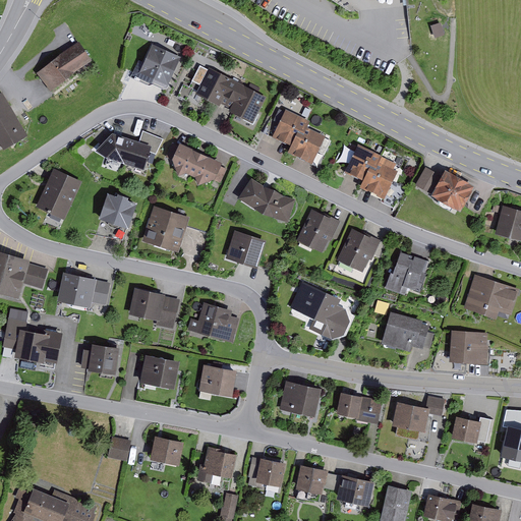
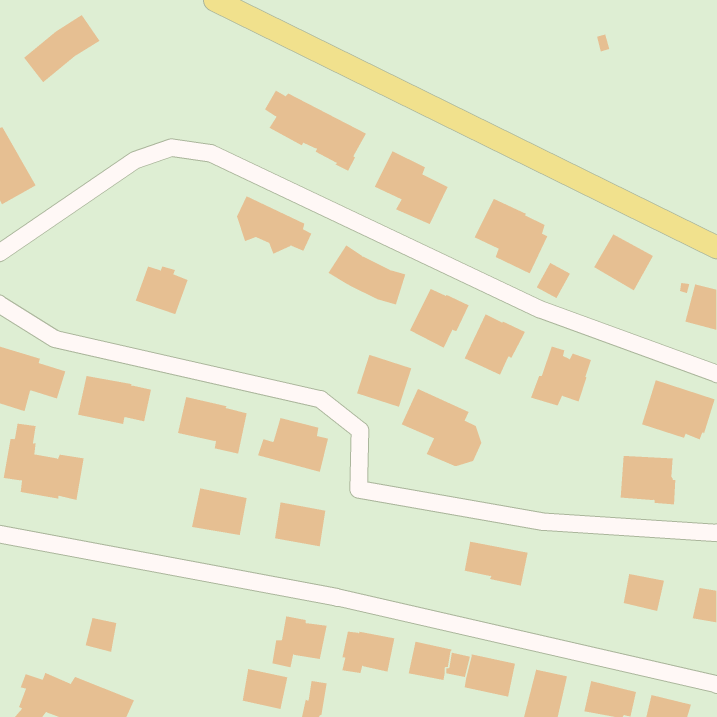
building: [36,42,92,92] -> [23,14,100,83]
building: [138,45,180,85] -> none
building: [95,131,163,170] -> none
building: [414,167,440,193] -> [536,262,571,299]
building: [36,169,81,220] -> none
building: [141,206,189,252] -> none
building: [225,230,266,269] -> [356,354,412,408]
building: [382,311,428,351] -> none
building: [80,344,119,375] -> none
building: [279,381,321,417] -> none
building: [392,396,446,441] -> none
building: [150,436,183,465] -> [242,669,288,709]
building: [107,437,130,462] -> [85,617,117,653]

